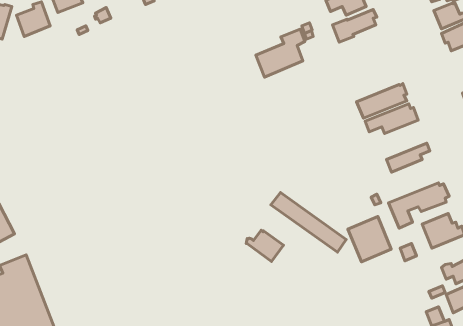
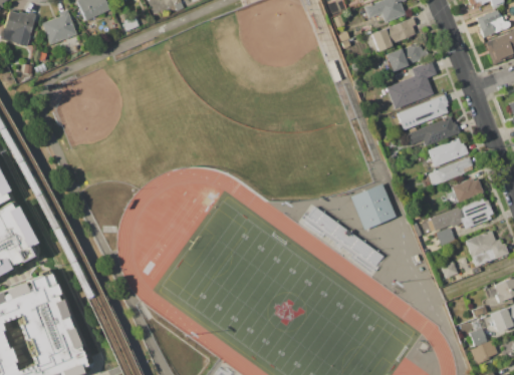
building: [256,29,305,77] -> [386,60,437,110]
building: none -> [384,42,430,72]
building: none -> [427,136,470,169]
building: none -> [452,177,484,203]
building: [348,217,391,262] -> [353,184,399,232]
building: [246,230,284,261] -> none

